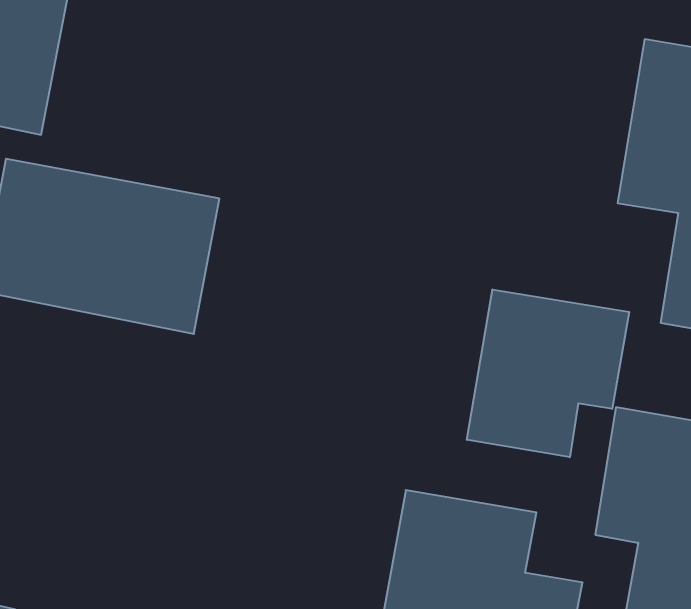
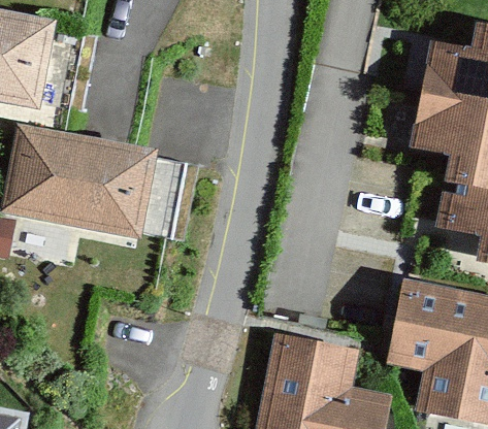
building: [467,289,629,457] -> none

